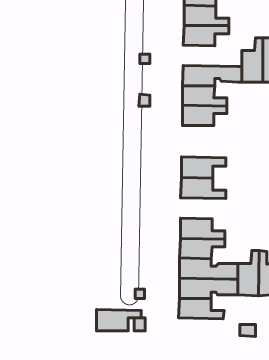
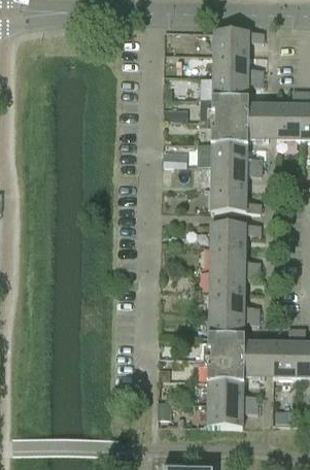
building: none -> [212,97,277,121]
building: none -> [210,187,261,210]
building: none -> [209,267,260,291]
building: [97,310,141,331] -> [207,401,256,425]

